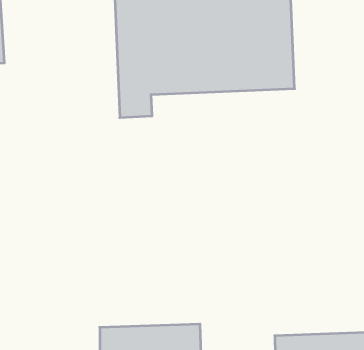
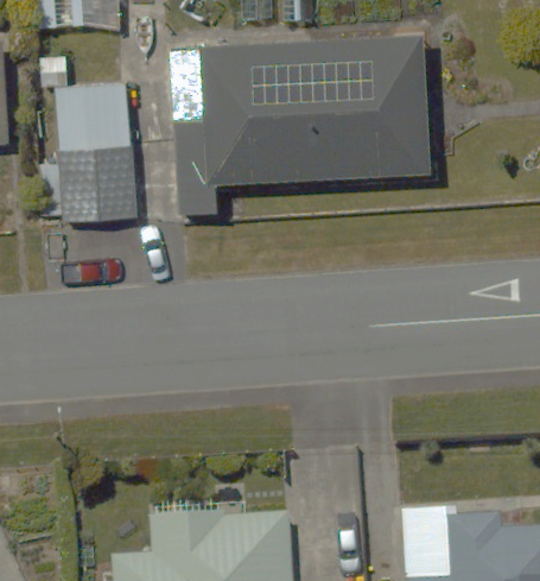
building: none -> [38,84,139,214]

